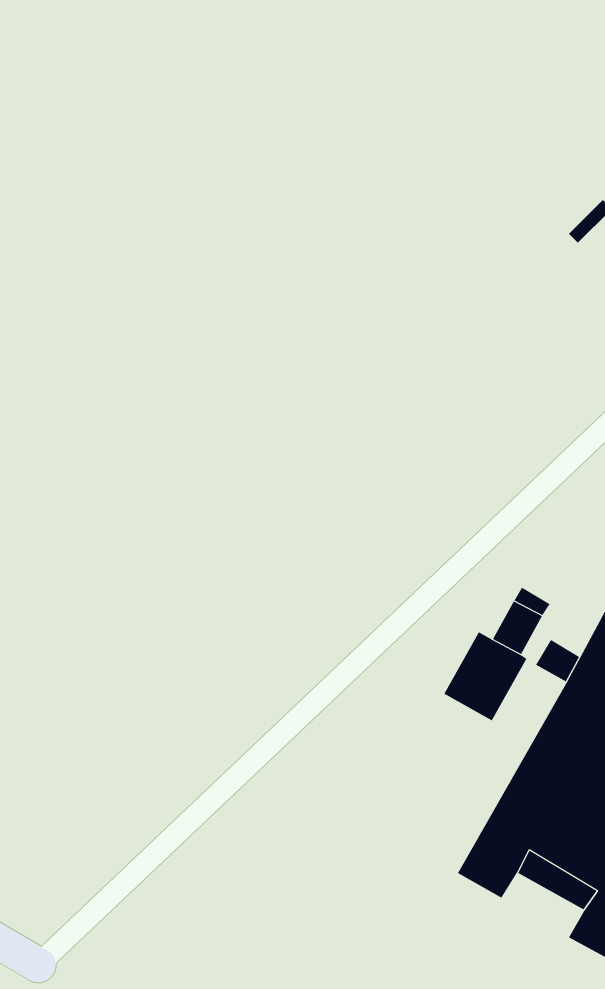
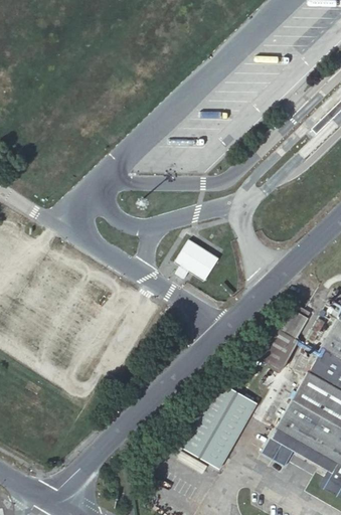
building: none -> [175,243,211,283]
building: none -> [180,382,258,470]

